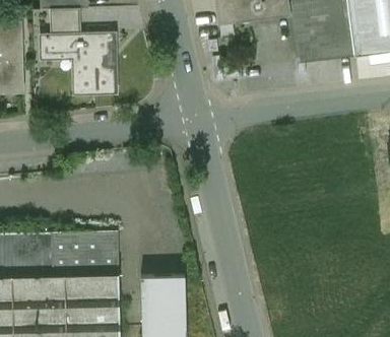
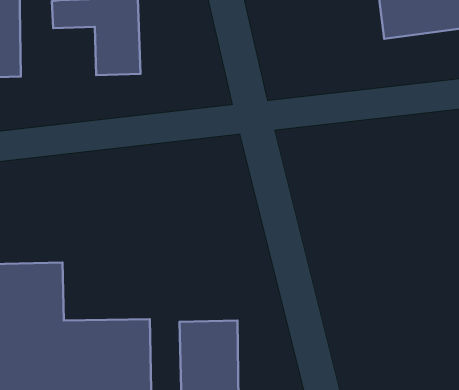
building: [53,232,119,277] -> none

